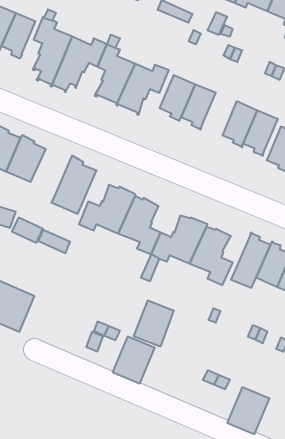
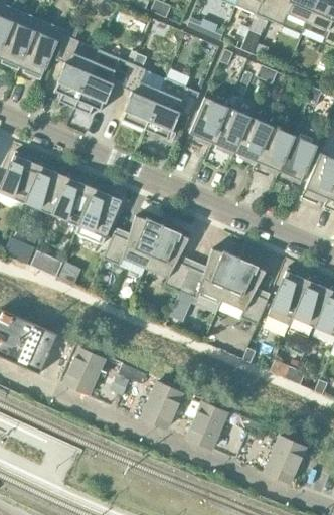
building: none -> [234,117,272,165]
building: none -> [51,173,94,223]
building: [134,301,174,346] -> [185,398,228,448]
building: none -> [62,345,106,393]

